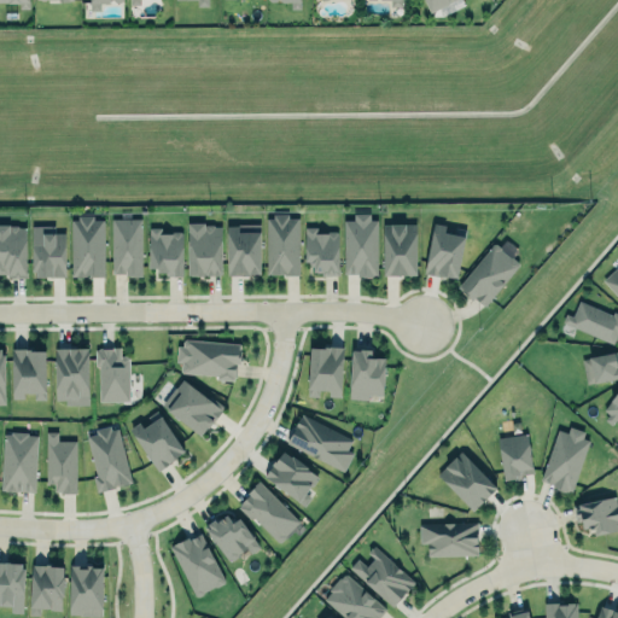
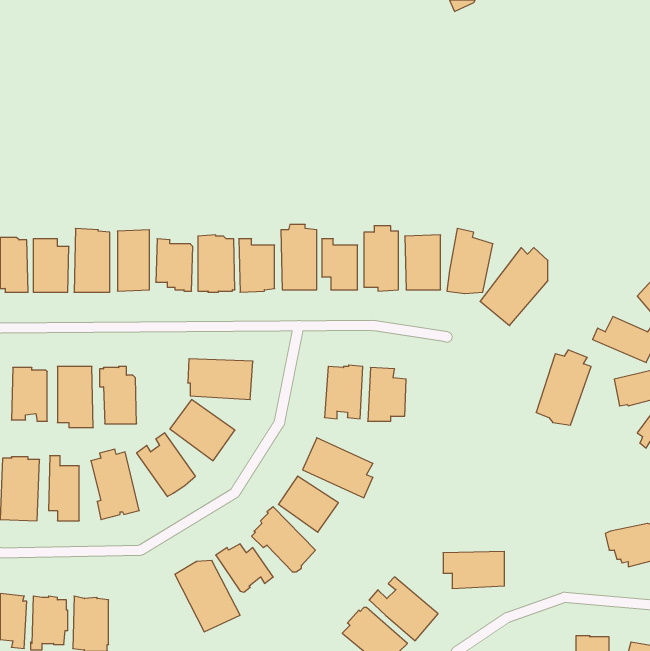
building: [540,422,591,494] -> [536,350,591,425]
building: [500,435,535,480] -> none
building: [439,451,499,512] -> none

